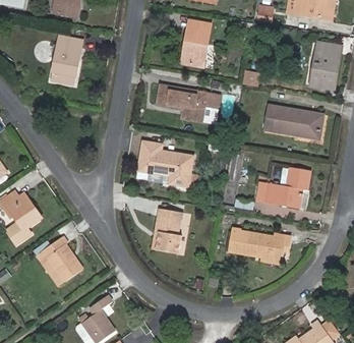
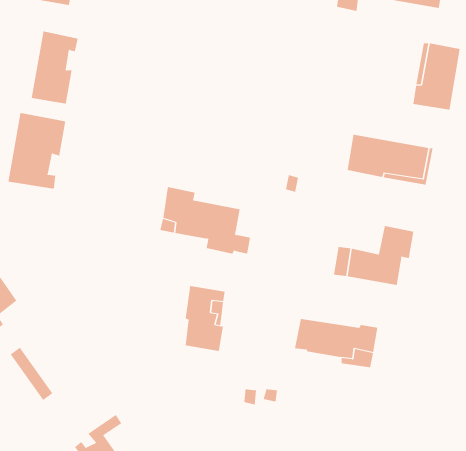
building: [184,20,211,66] -> none
building: [157,84,220,121] -> none
building: none -> [8,112,66,189]
building: [43,236,82,281] -> none

